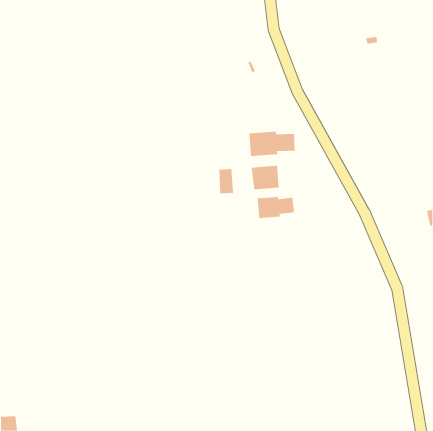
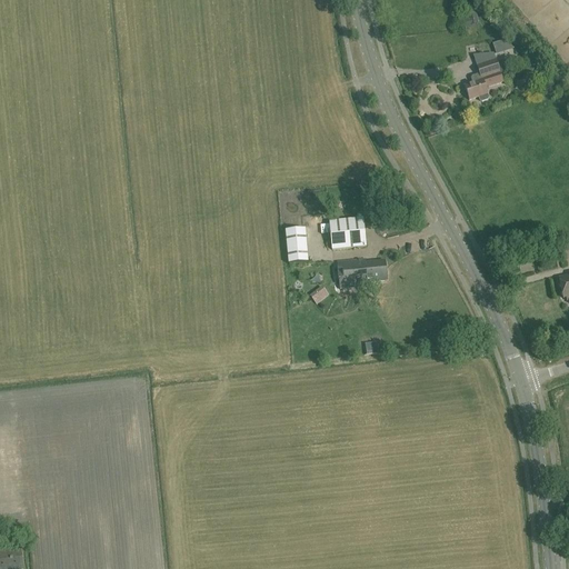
building: none -> [465,58,502,100]
building: [249,131,295,157] -> none

